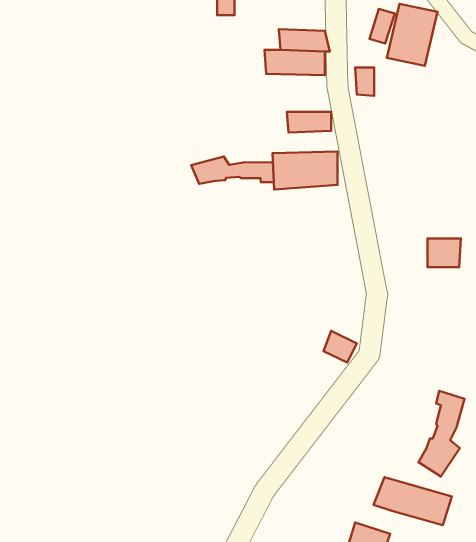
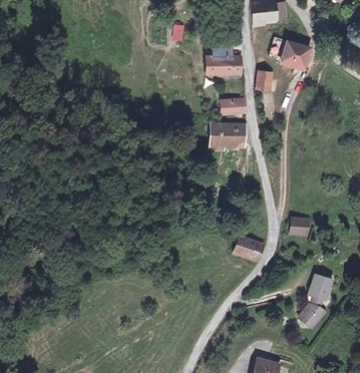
building: [191,156,274,184] -> none
building: [428,239,461,267] -> [288,216,309,234]
building: [374,477,452,525] -> none

